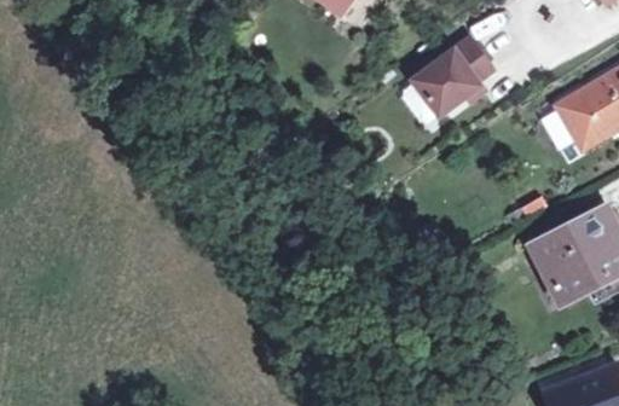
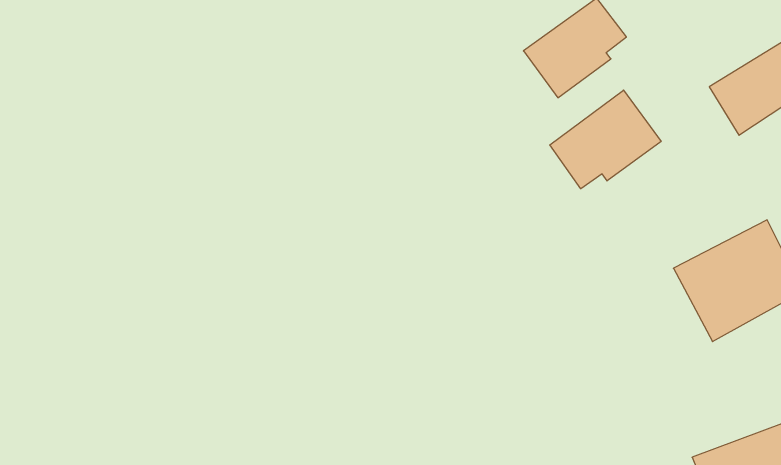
building: none -> [550,90,661,189]

